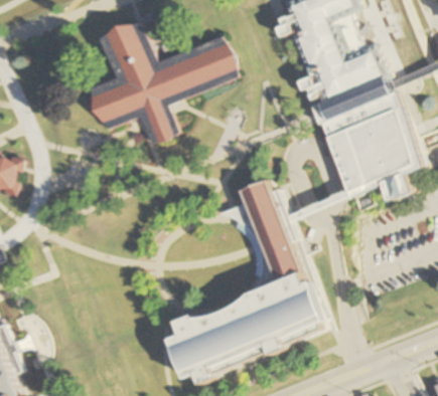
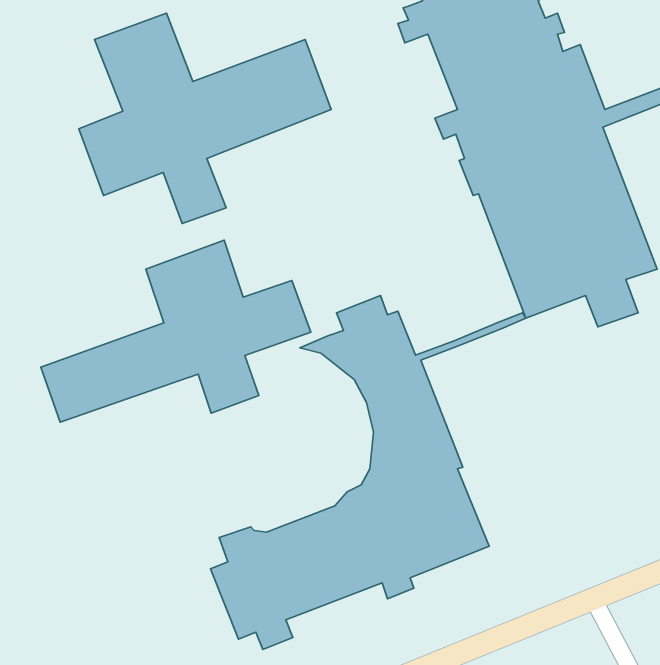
building: none -> [41,240,311,422]

